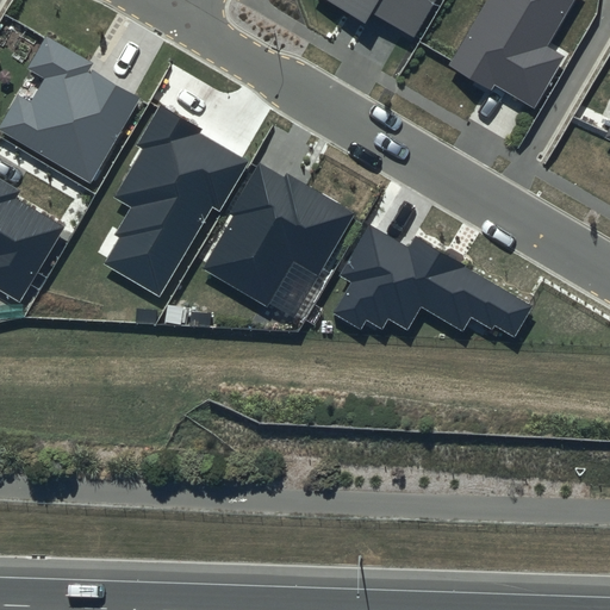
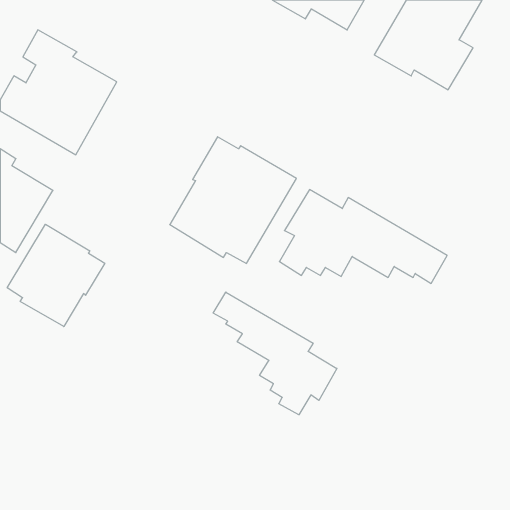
building: [105,104,247,294] -> none
building: none -> [7,224,105,327]
building: none -> [213,292,337,415]

